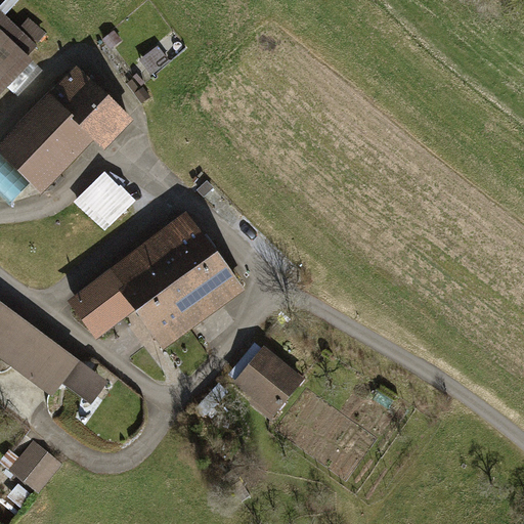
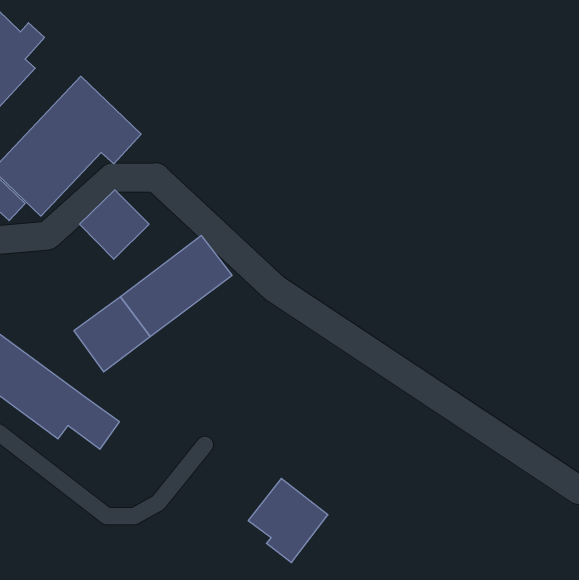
building: [135,248,237,342] -> none
building: [230,345,302,421] -> [248,478,328,563]
building: [7,439,61,493] -> none

